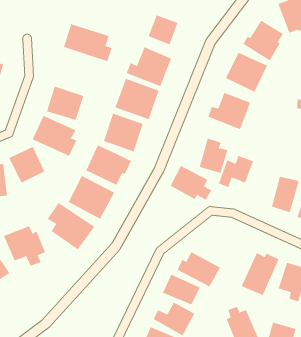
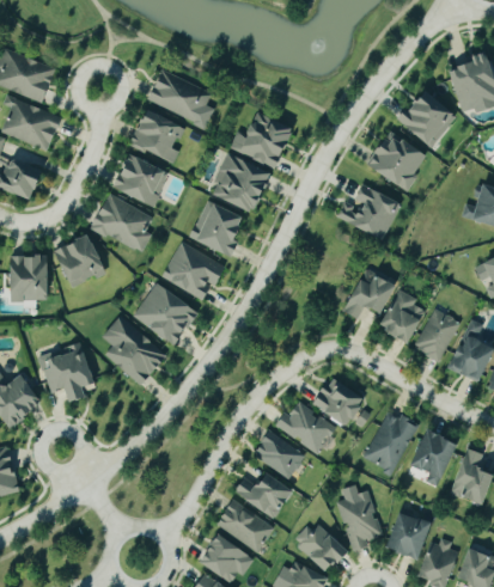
building: [148,14,178,45] -> none
building: none -> [129,109,182,161]
building: [199,138,228,174] -> [382,289,425,341]
building: [170,165,212,201] -> [312,375,371,428]

